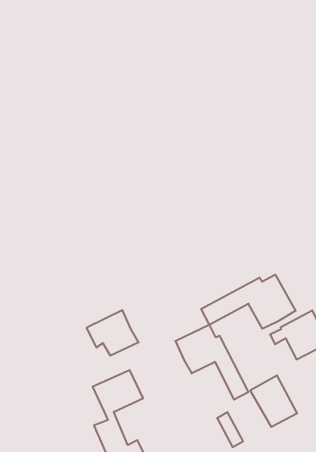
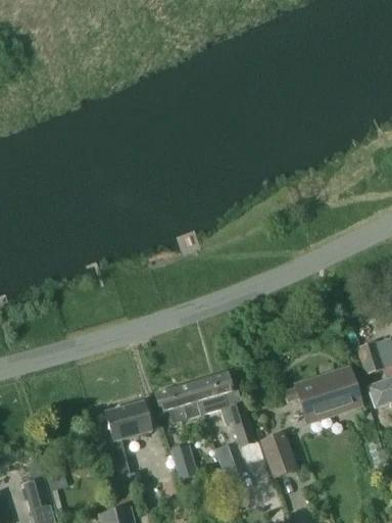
building: [201,275,296,329] -> none
building: [87,310,139,356] -> [154,381,202,423]
building: none -> [170,444,197,480]

